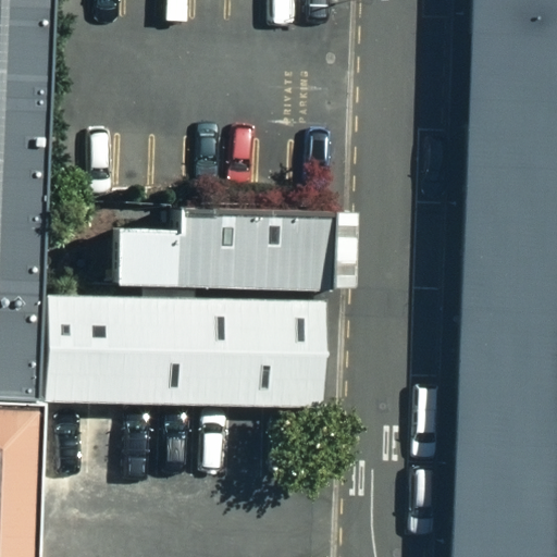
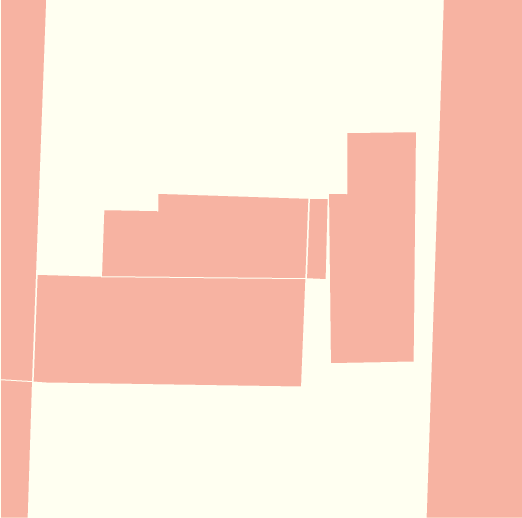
building: none -> [328,132,416,364]

